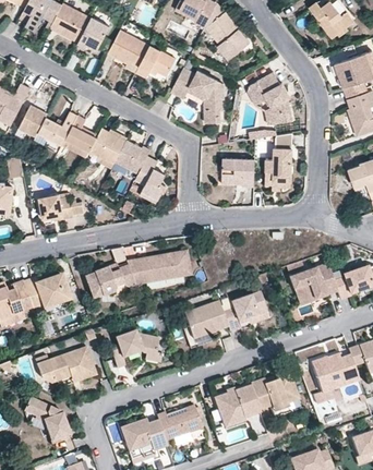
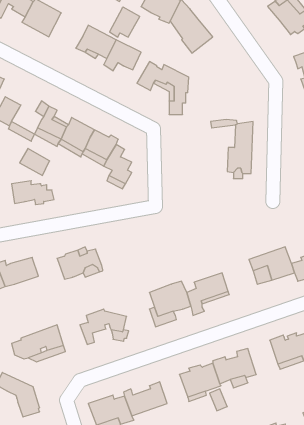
building: [77,16,109,48] -> [110,7,140,37]
building: [251,72,292,124] -> none
building: [38,117,70,145] -> [20,148,50,175]
building: [220,159,254,186] -> none
building: [125,252,189,284] -> none

